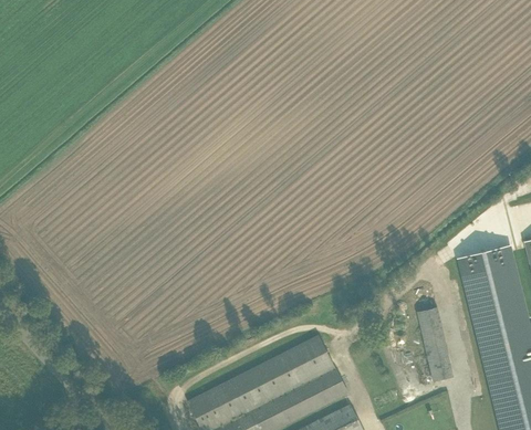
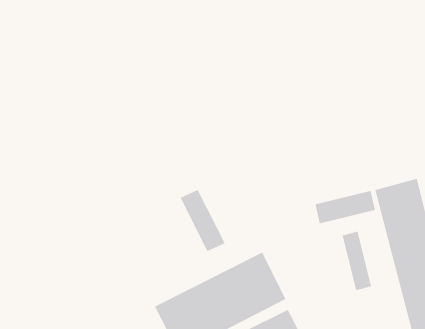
building: none -> [180,189,225,252]
building: none -> [315,190,375,224]

